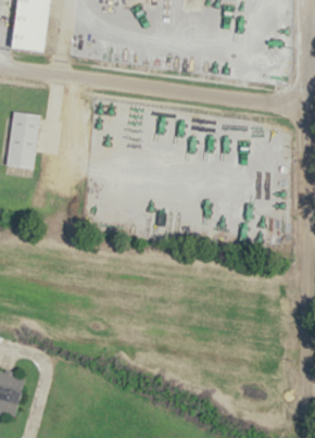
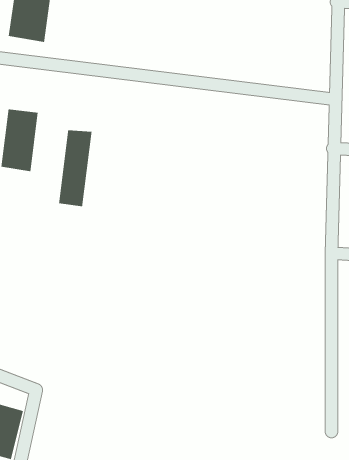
building: none -> [59,130,92,207]

